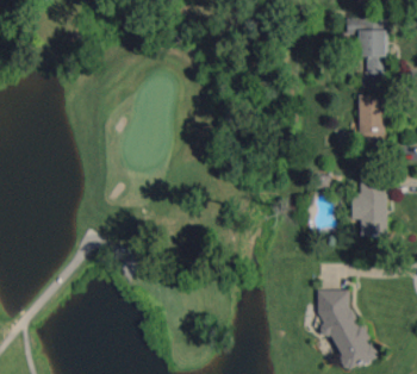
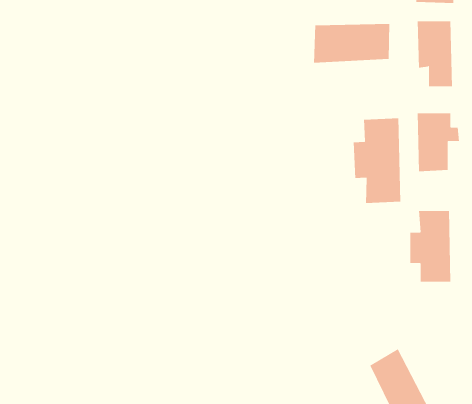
building: none -> [313,23,390,63]
building: none -> [353,118,401,204]

